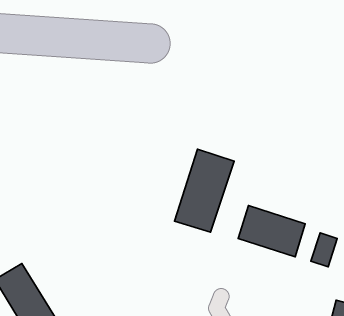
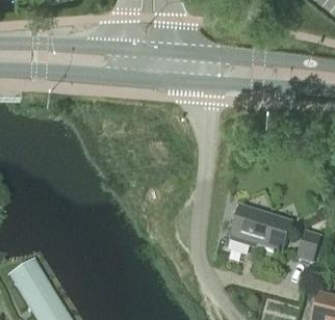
building: [175,149,234,232] -> none

